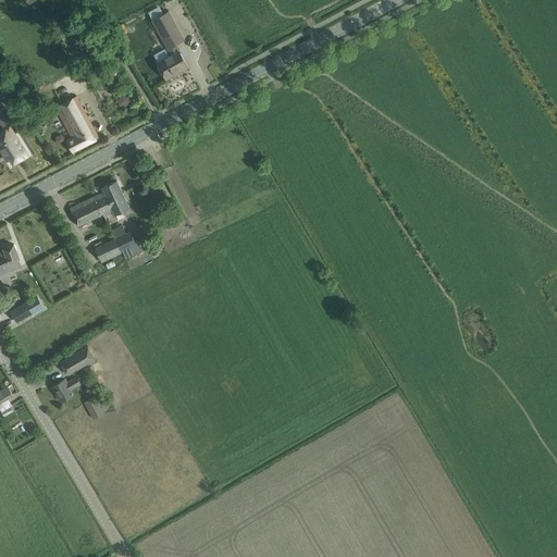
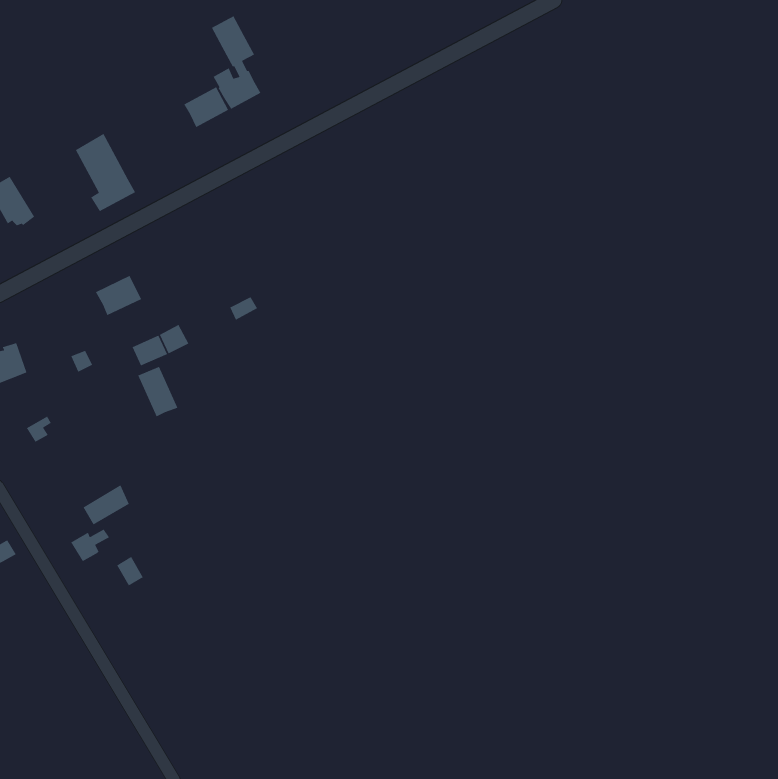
building: none -> [183,86,229,128]
building: [92,181,127,216] -> none
building: none -> [137,366,179,418]

